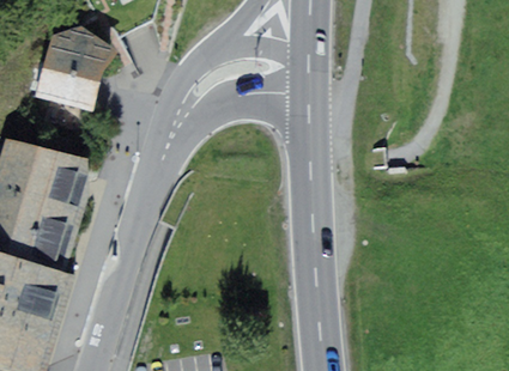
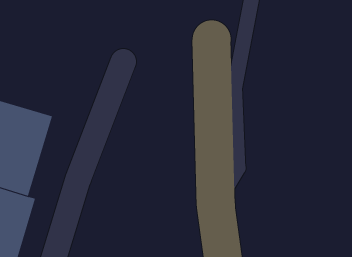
building: [34,30,105,112] -> none

